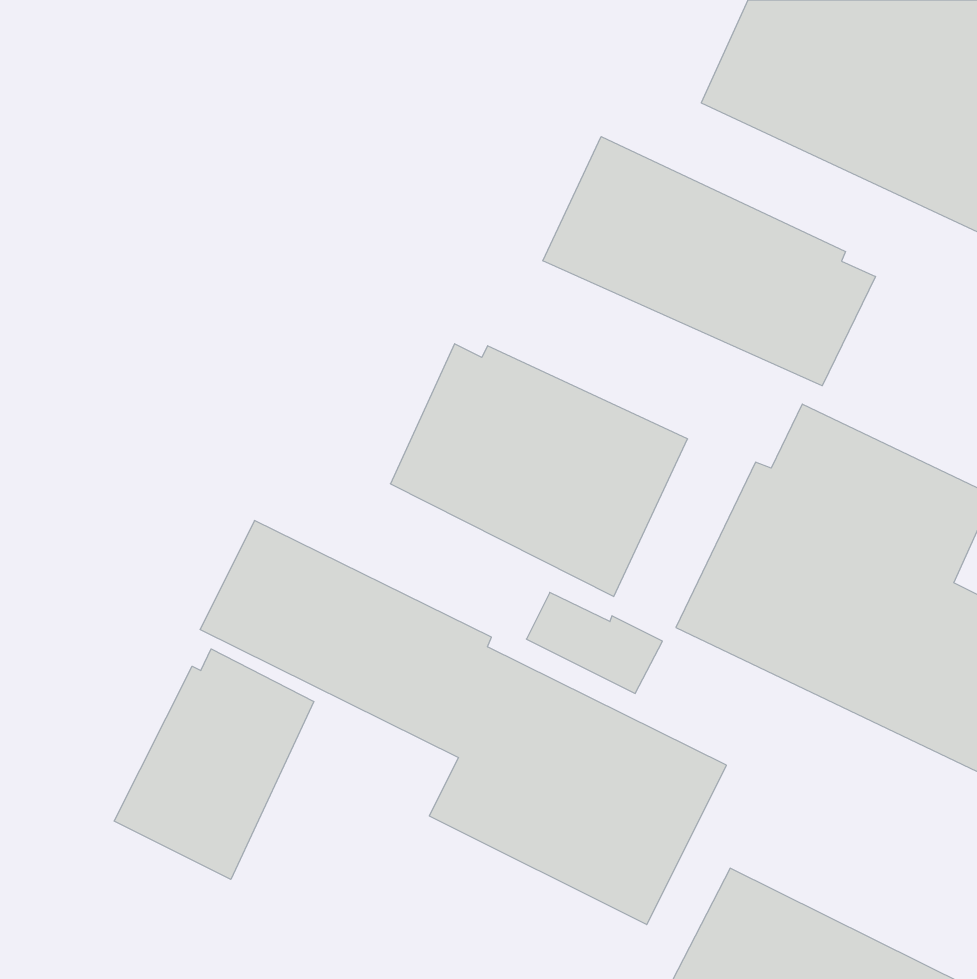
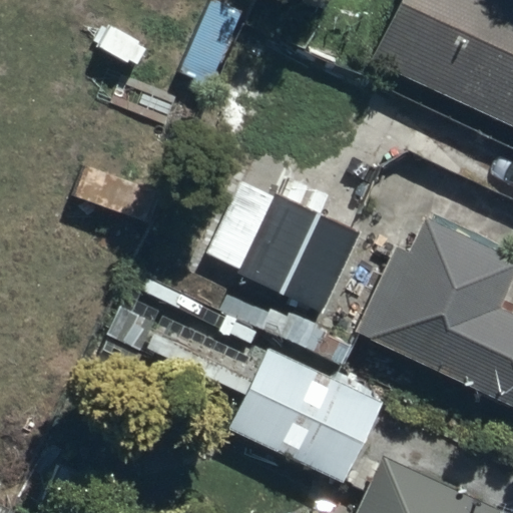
building: [543,137,875,386] -> none
building: [114,649,314,879] -> none

